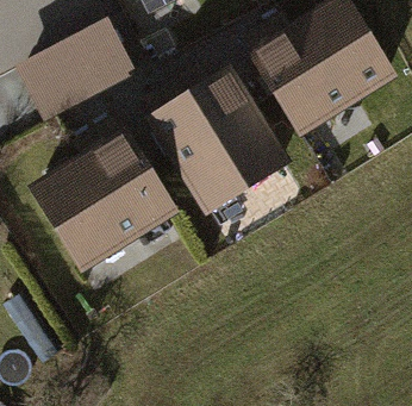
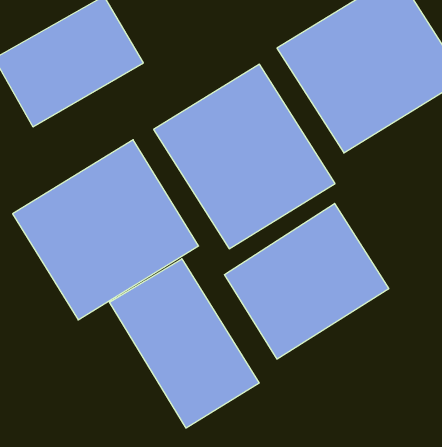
building: none -> [224,203,389,359]
building: none -> [109,259,259,428]

